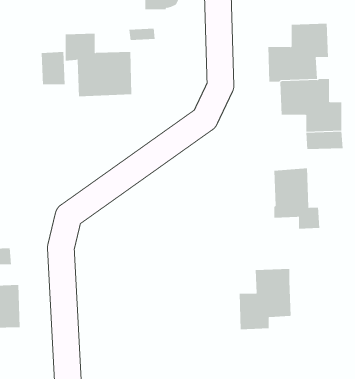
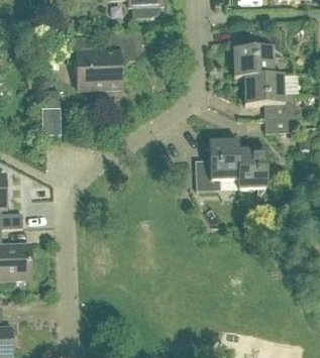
building: [41,52,66,85] -> [40,108,61,135]
building: [239,268,292,330] -> [195,139,238,190]

